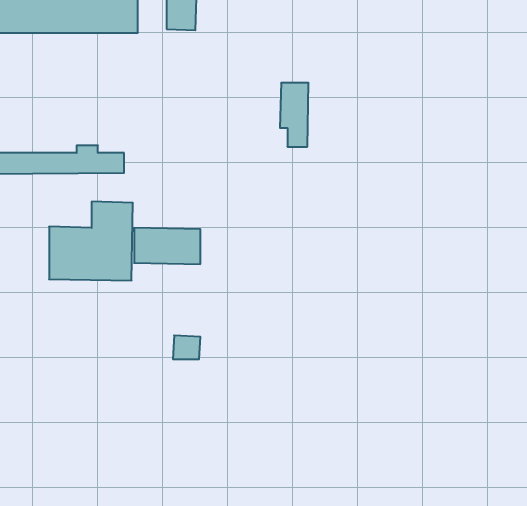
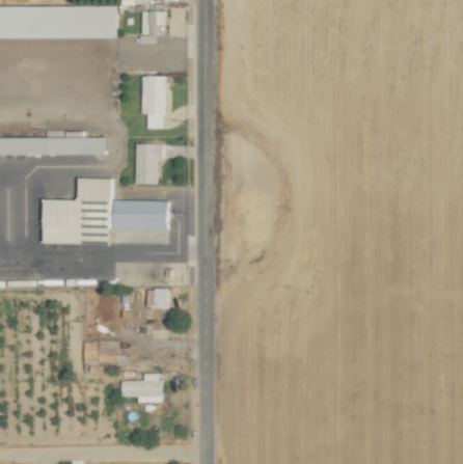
building: [280,83,309,147] -> [141,76,165,129]
building: none -> [135,143,164,184]
building: none -> [121,373,162,403]

